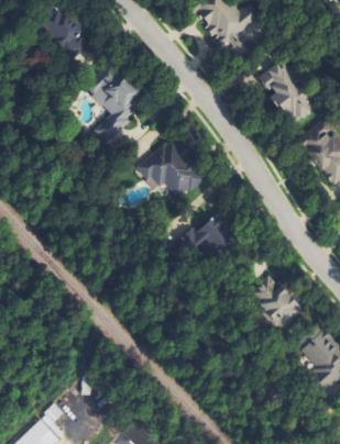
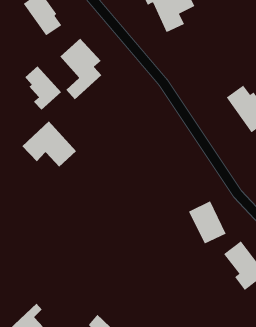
building: [257,59,314,124] -> none
building: none -> [25,66,62,111]
building: [135,137,207,198] -> [22,121,77,167]
building: [194,217,234,257] -> none

